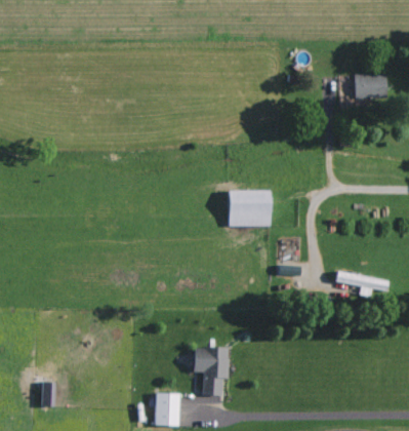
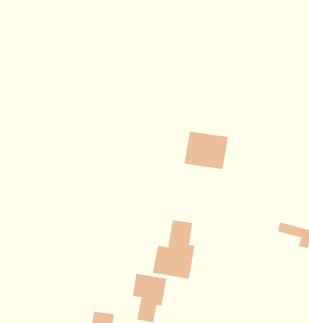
building: none -> [152,220,195,280]

